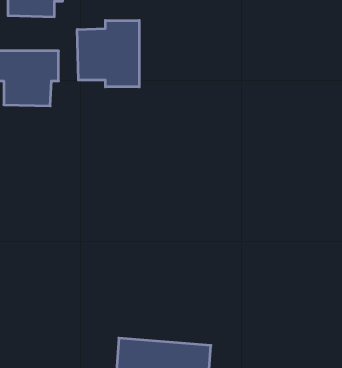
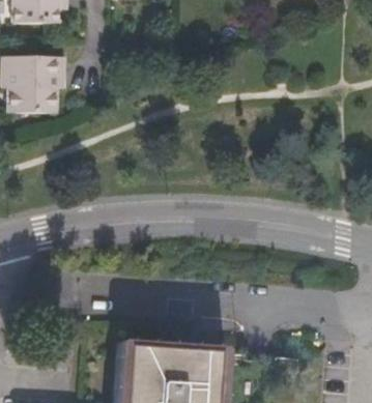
building: [77,20,139,87] -> none

